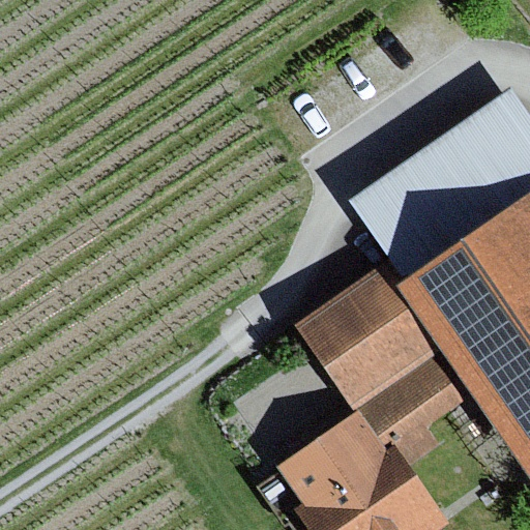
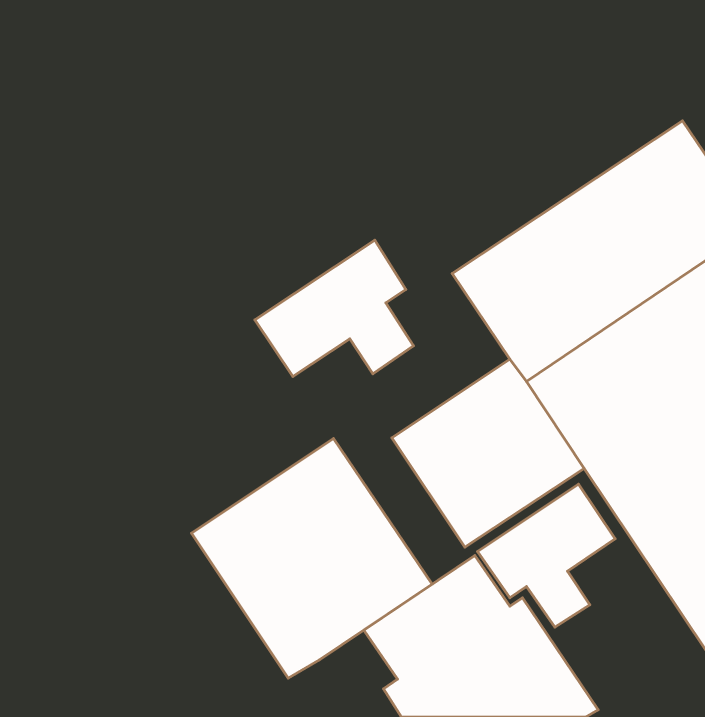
building: none -> [255,240,413,376]
building: none -> [191,439,432,678]

